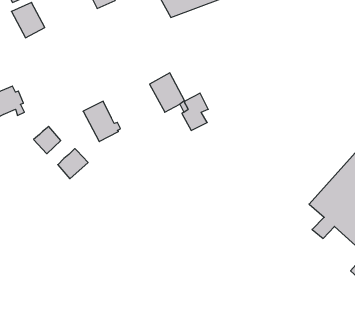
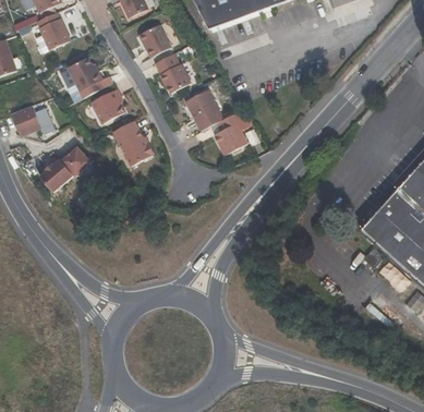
building: none -> [137,25,169,58]
building: none -> [158,52,194,92]
building: none -> [66,58,104,93]
building: none -> [94,88,128,124]
building: [58,149,88,179] -> [41,158,74,191]

